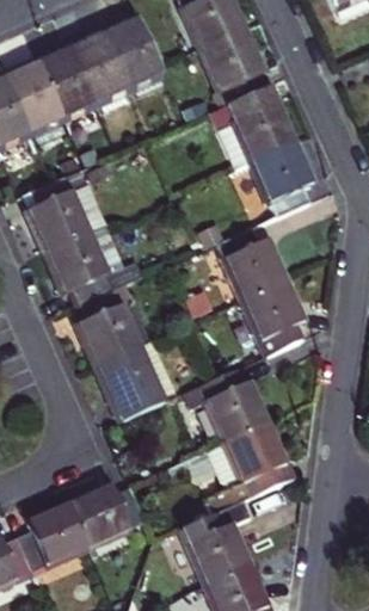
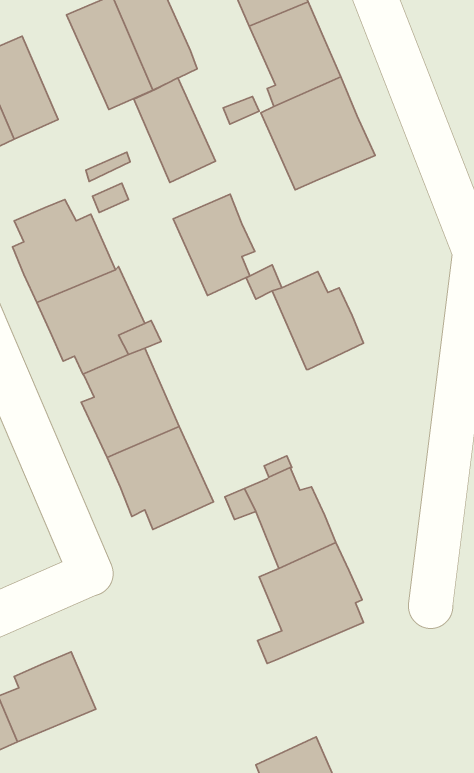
building: [35,41,94,117] -> [134,78,216,183]
building: [251,143,310,217] -> [173,194,255,296]
building: [244,280,303,354] -> none
building: [70,487,144,548] -> none
building: [179,512,250,588] -> none

